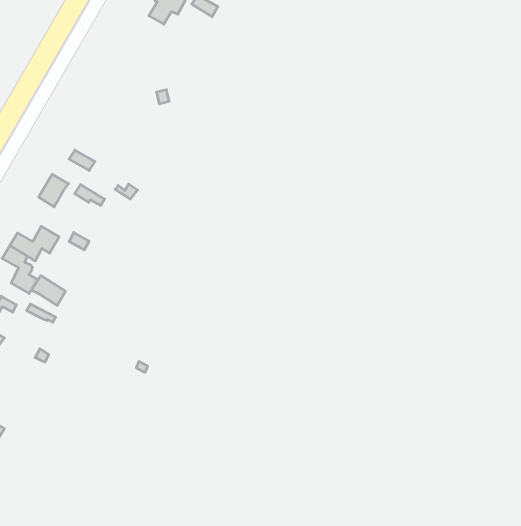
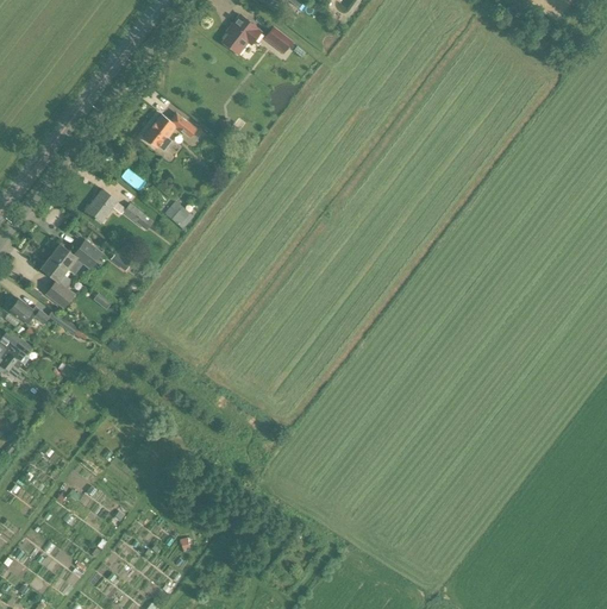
building: none -> [143,114,196,150]
building: [31,276,65,305] -> none

